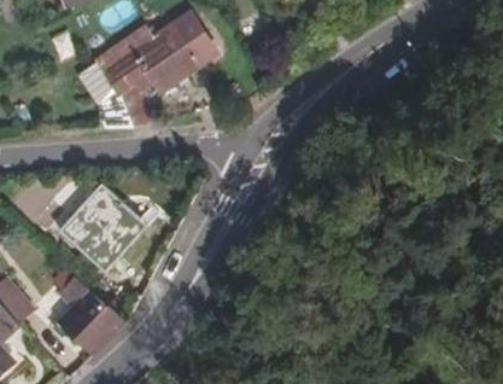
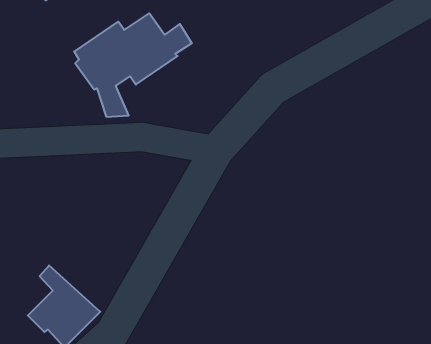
building: [52,185,147,272] -> none

